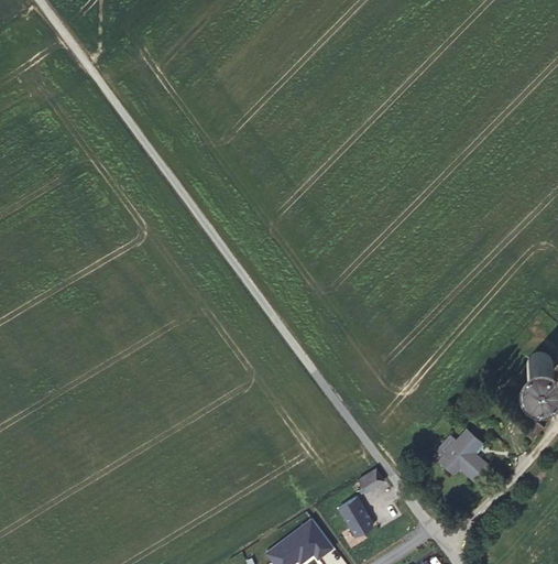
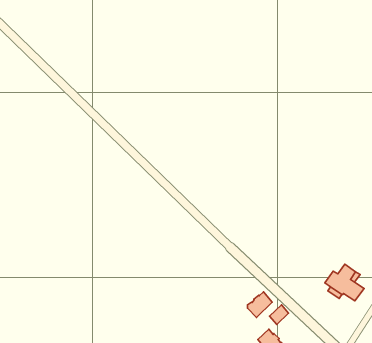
building: none -> [247,292,272,318]

